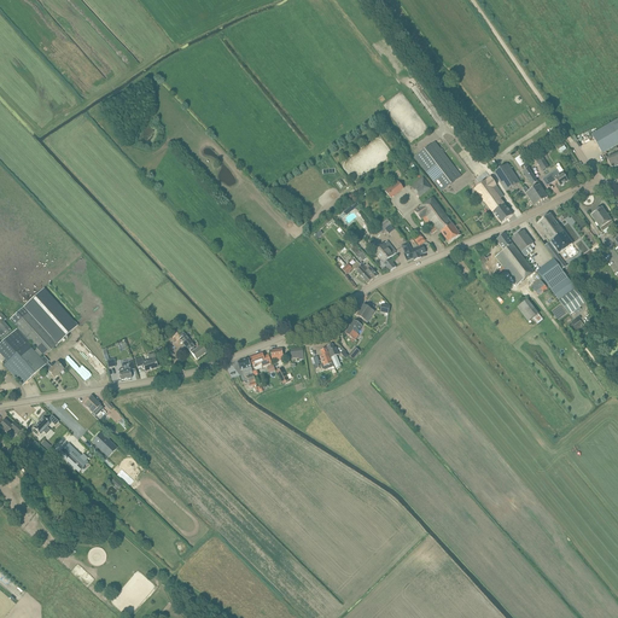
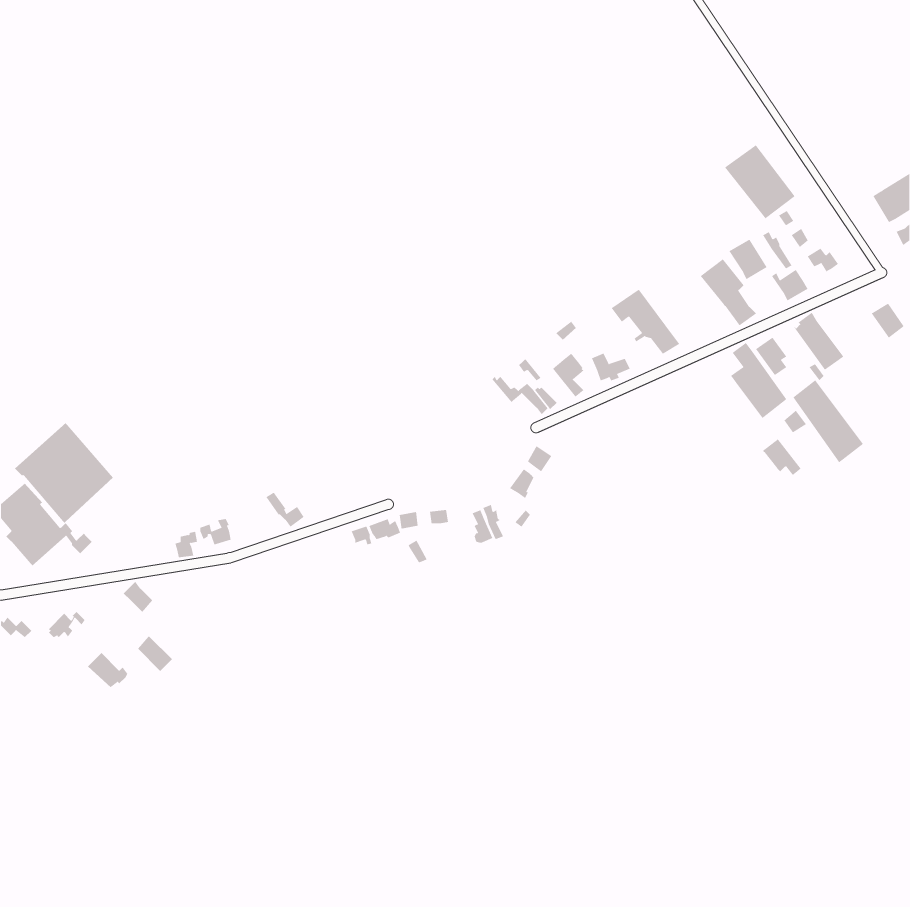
building: [414,139,462,190] -> [724,144,795,219]

